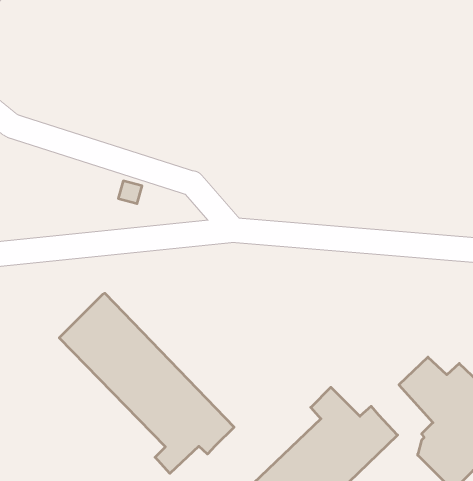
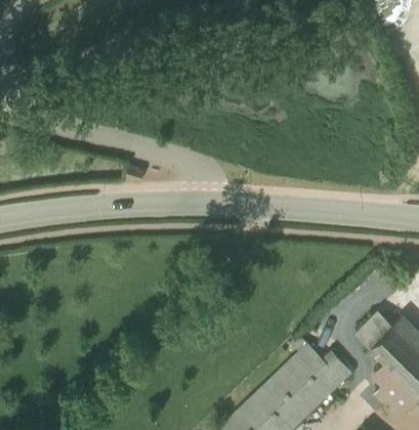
building: [59,293,234,473] -> none

